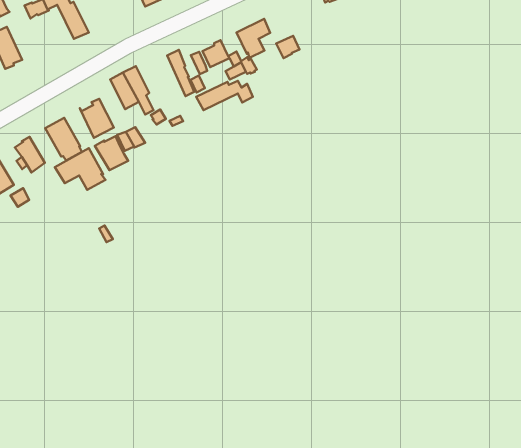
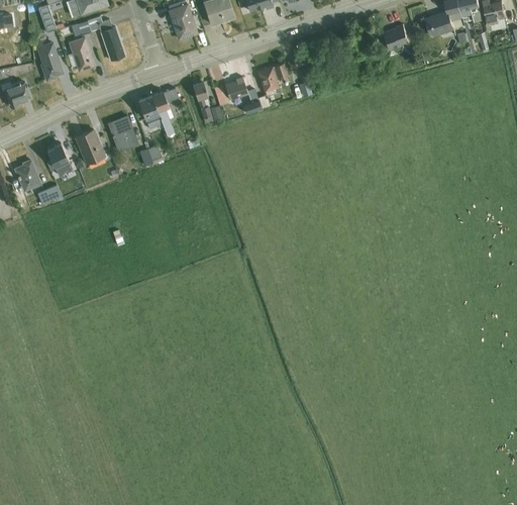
building: none -> [68,36,94,71]
building: [196,81,253,110] -> none
building: [95,136,128,170] -> none
building: [55,148,105,190] -> none

